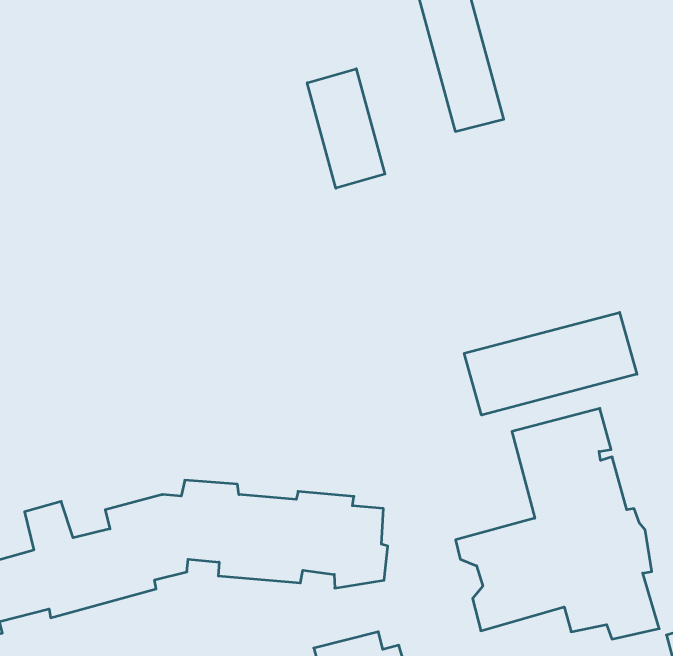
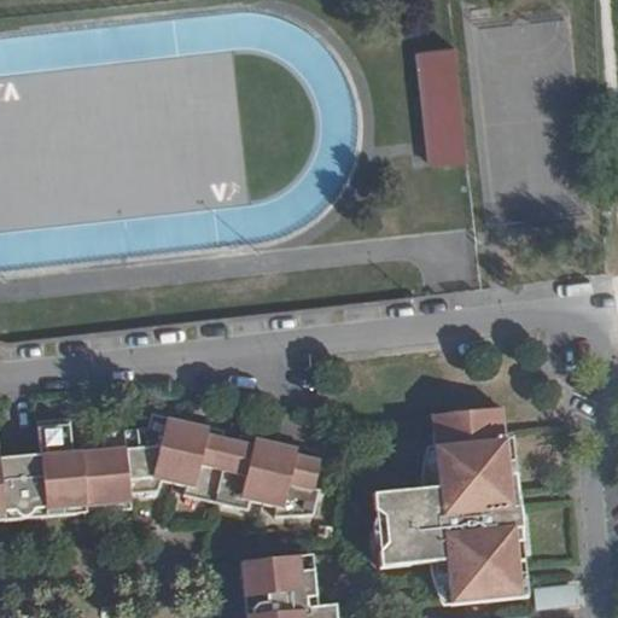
building: [307,69,385,188] -> none
building: [464,312,637,415] -> none

